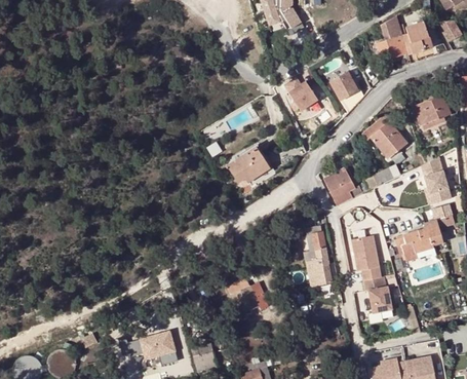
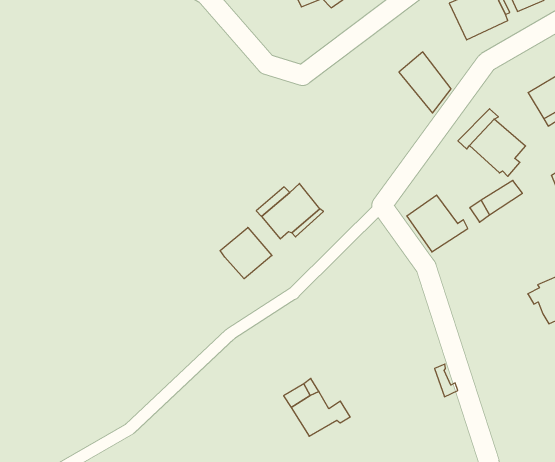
building: [284,79,317,111] -> none
building: none -> [220,227,272,279]
building: [304,227,330,276] -> none
building: [353,234,389,312] -> none

